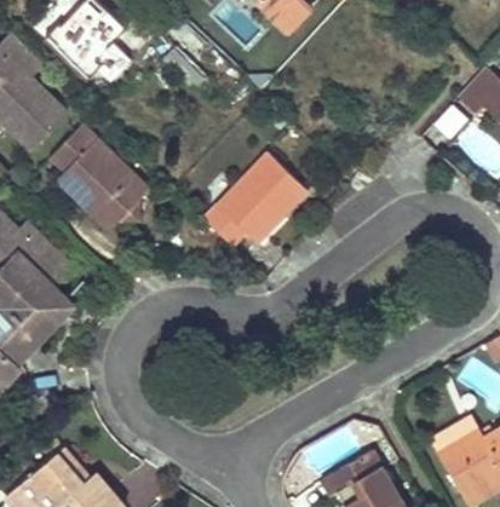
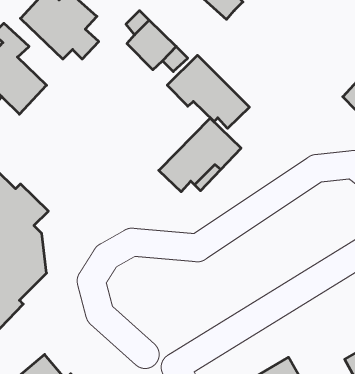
building: none -> [167,55,249,128]
building: [48,126,145,230] -> none

